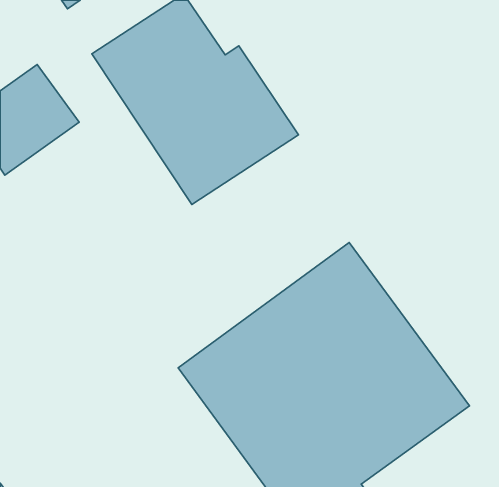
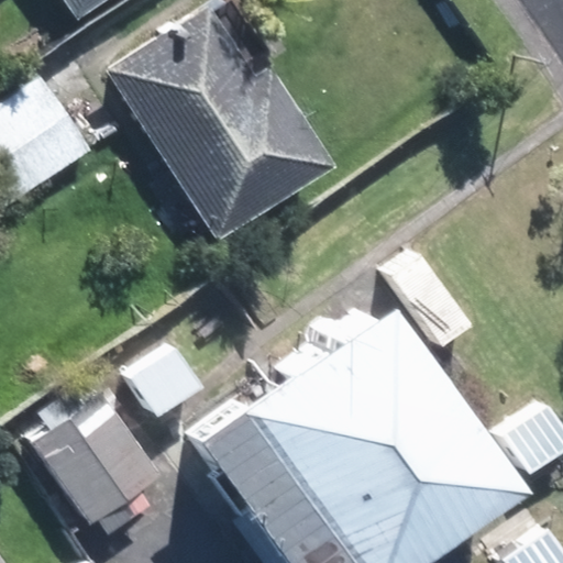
building: none -> [32,398,157,528]

